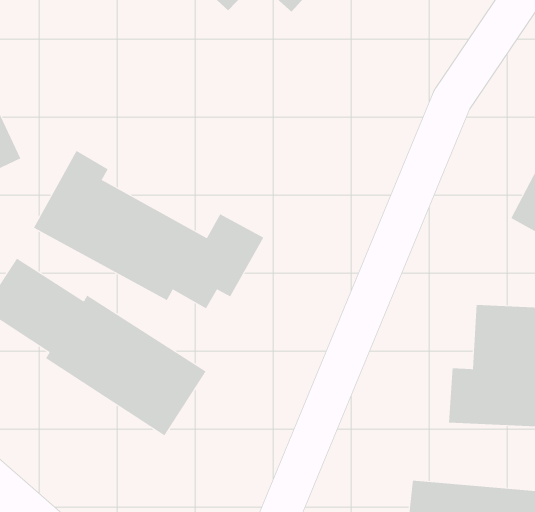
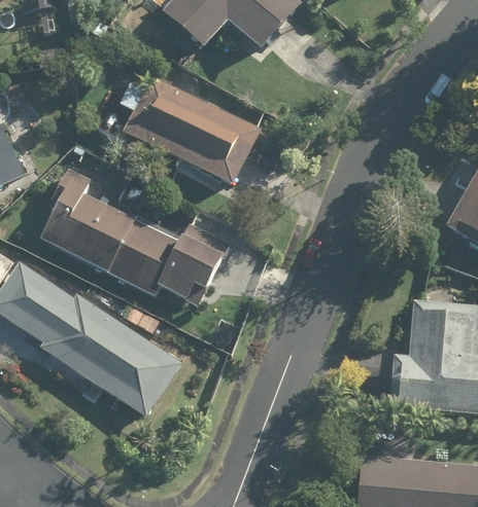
building: none -> [119,76,260,188]

